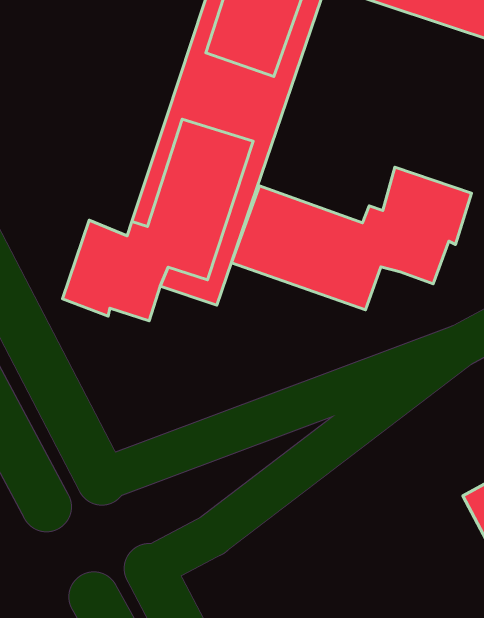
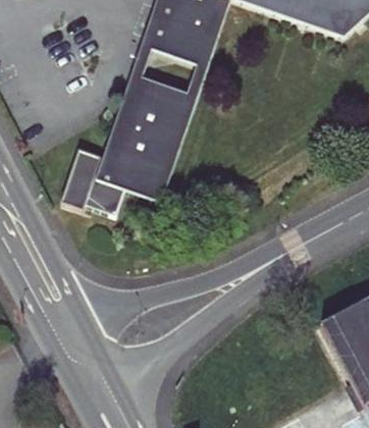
building: [231,167,471,310] -> none

